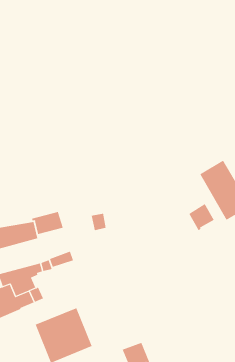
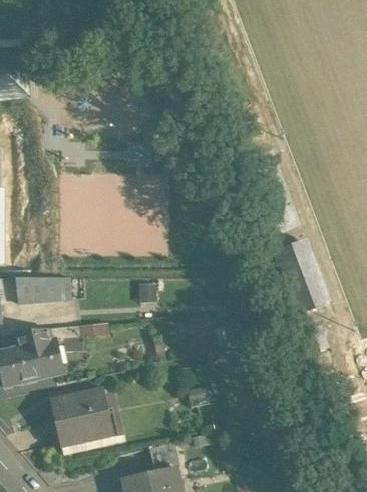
building: [188,203,215,231] -> none
building: [32,211,64,235] -> none

